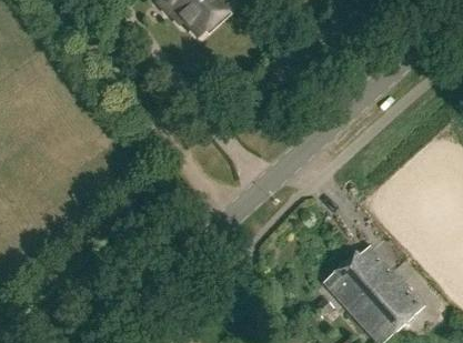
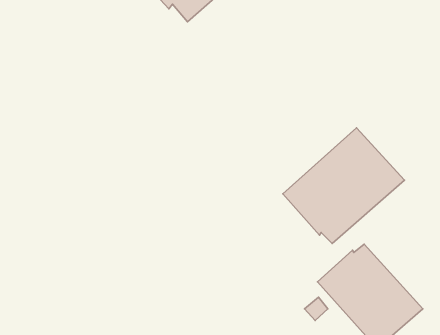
building: none -> [283,128,404,244]

